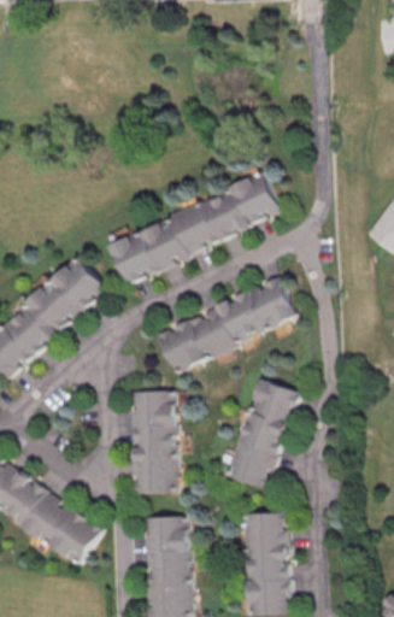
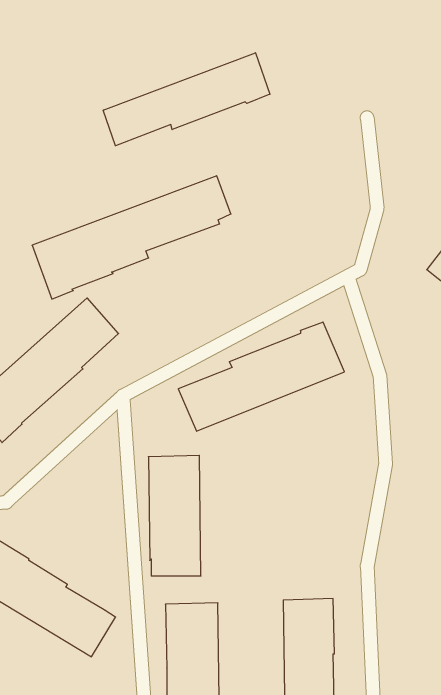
building: none -> [103,53,270,146]
building: [110,180,278,284] -> [32,176,231,299]
building: [228,380,295,487] -> none

